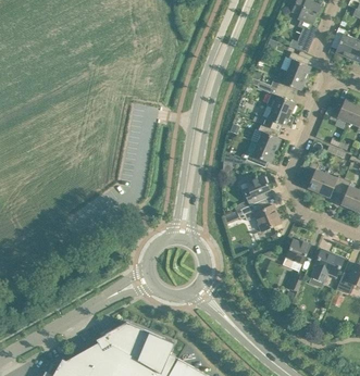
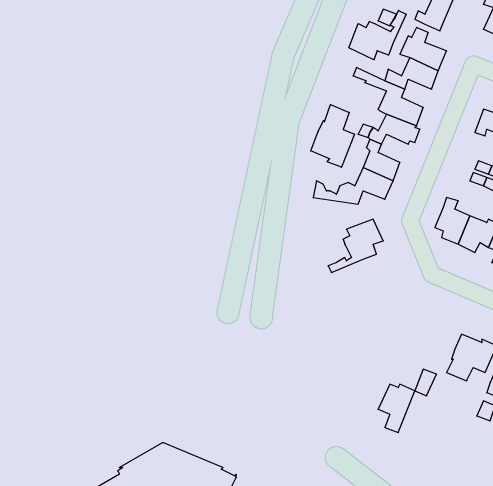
building: none -> [349,10,406,60]
building: none -> [311,105,354,167]
building: [235,202,280,231] -> none
building: [285,240,309,272] -> [378,384,415,433]

